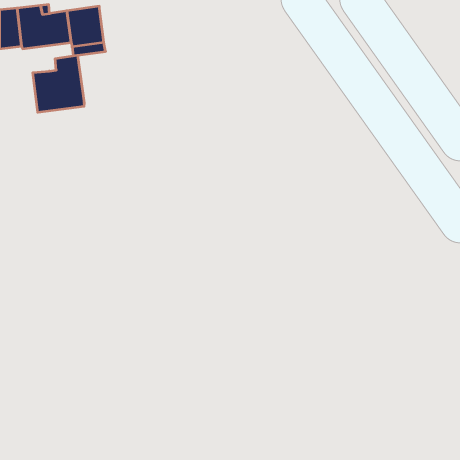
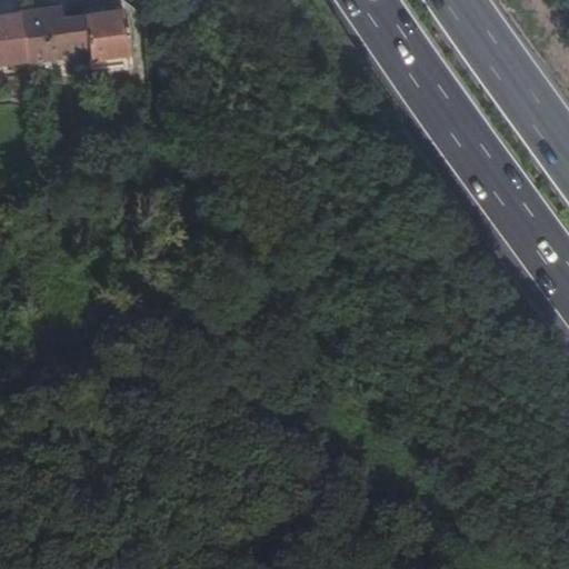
building: [33,55,84,112] -> none

